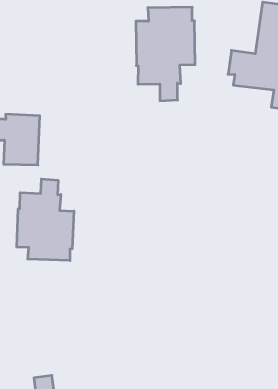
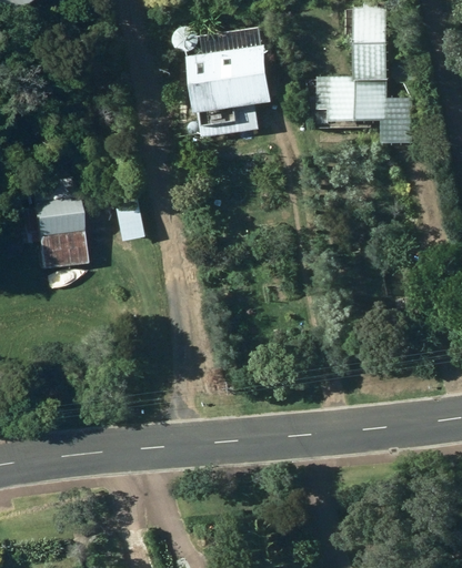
building: [17,179,74,261] -> none

